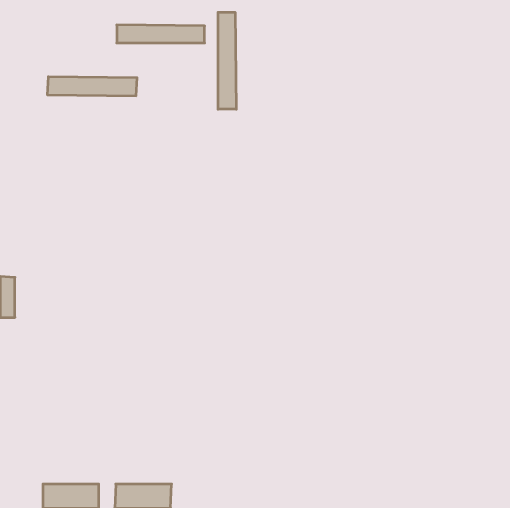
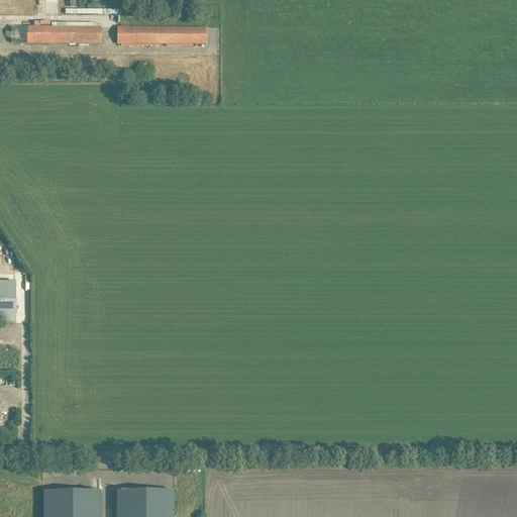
building: [218,12,236,109] -> none
building: [47,77,137,96] -> [11,24,102,43]

